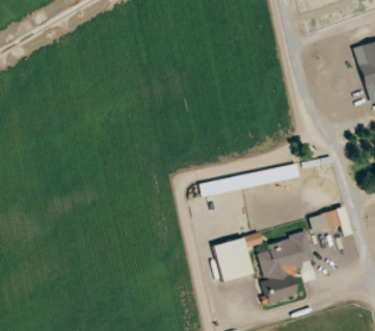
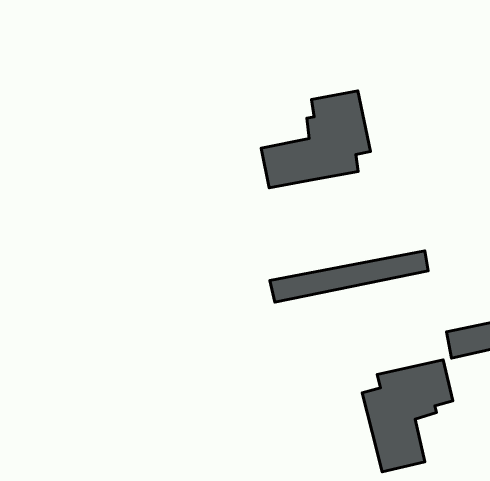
building: none -> [261,91,371,188]
building: [214,232,264,280] -> none

